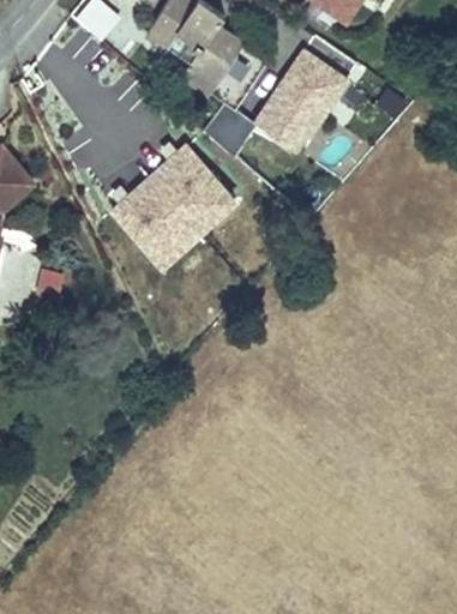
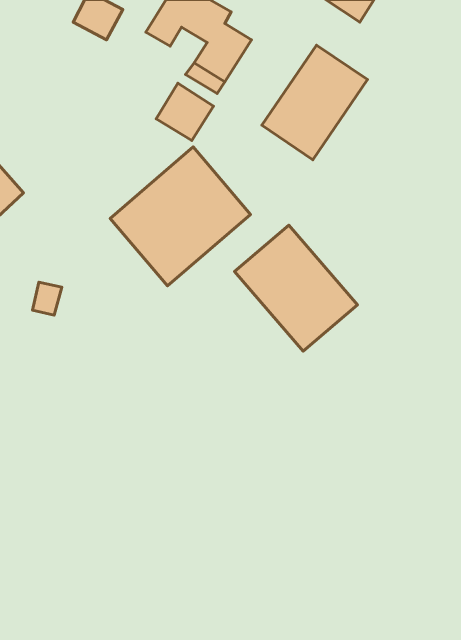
building: [203,102,257,156] -> [156,83,213,141]
building: none -> [235,225,357,351]

